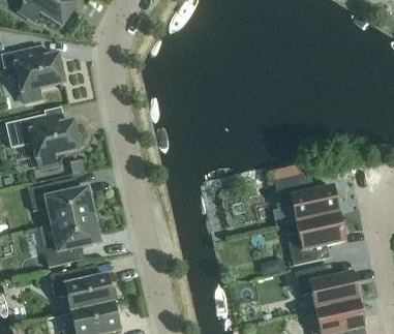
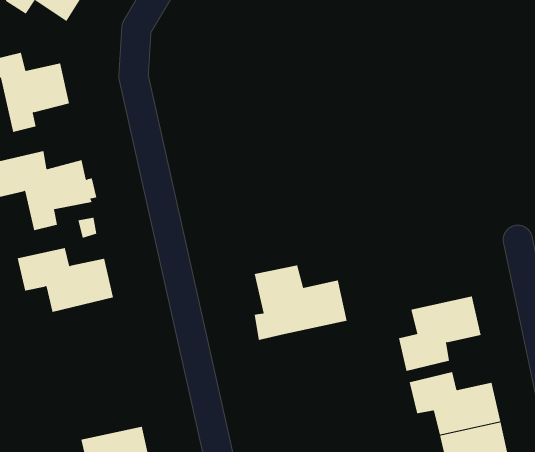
building: [275,175,339,226] -> [254,265,348,340]
building: [39,214,100,267] -> none
building: [51,268,114,311] -> none

